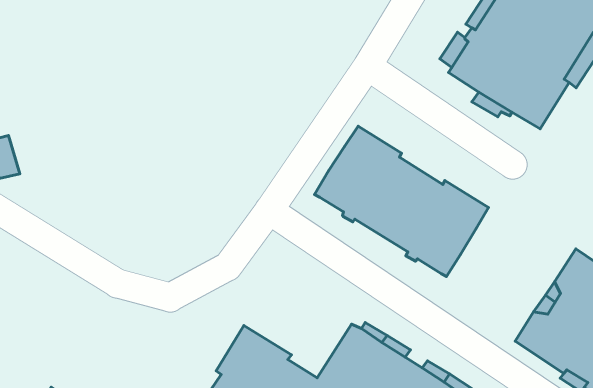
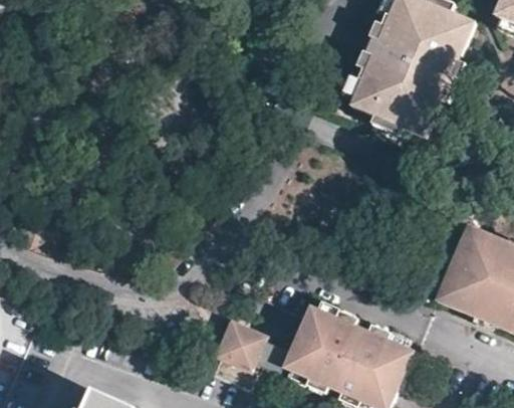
building: [315,126,488,276] -> none

